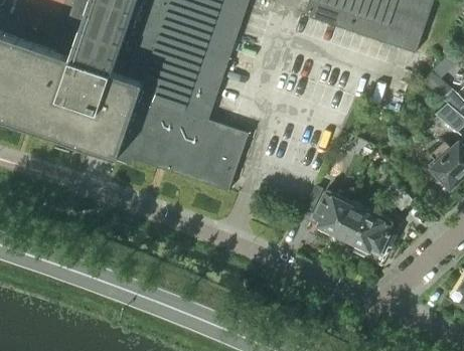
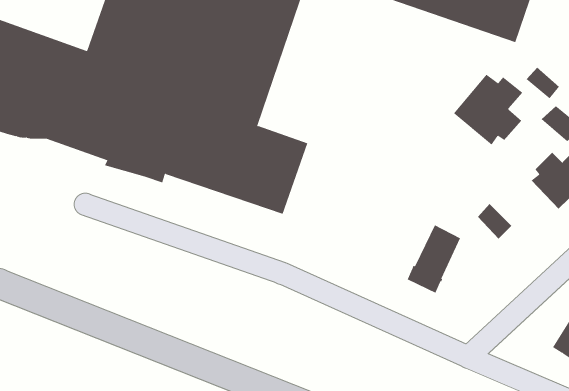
building: none -> [453,74,523,145]
building: [307,188,350,242] -> none
building: [351,209,398,266] -> none

